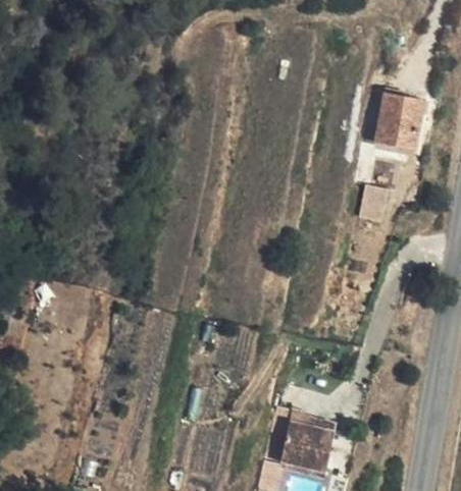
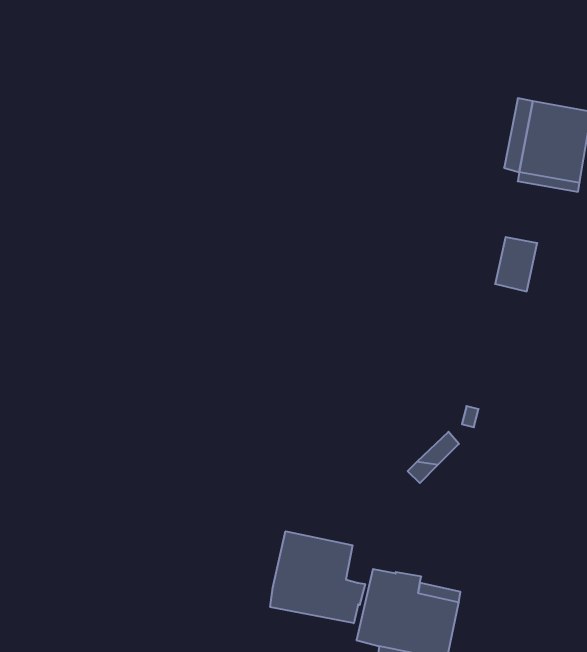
building: none -> [270,531,365,623]

